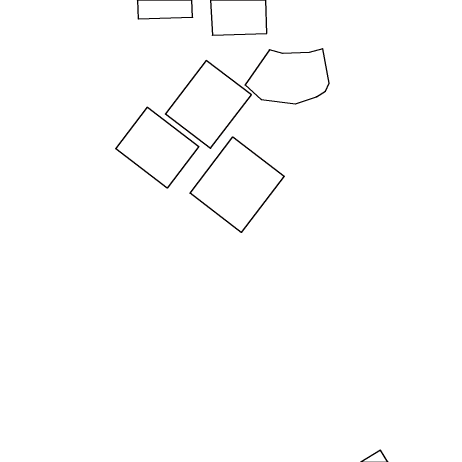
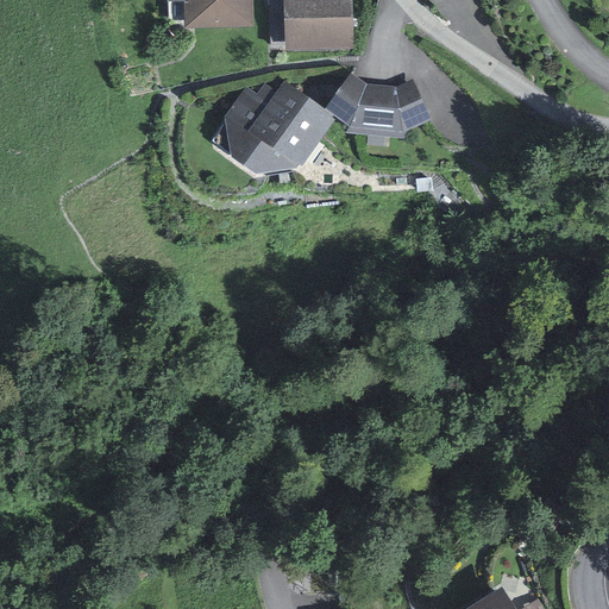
building: [116,107,199,188] -> none
building: [190,137,284,232] -> none

